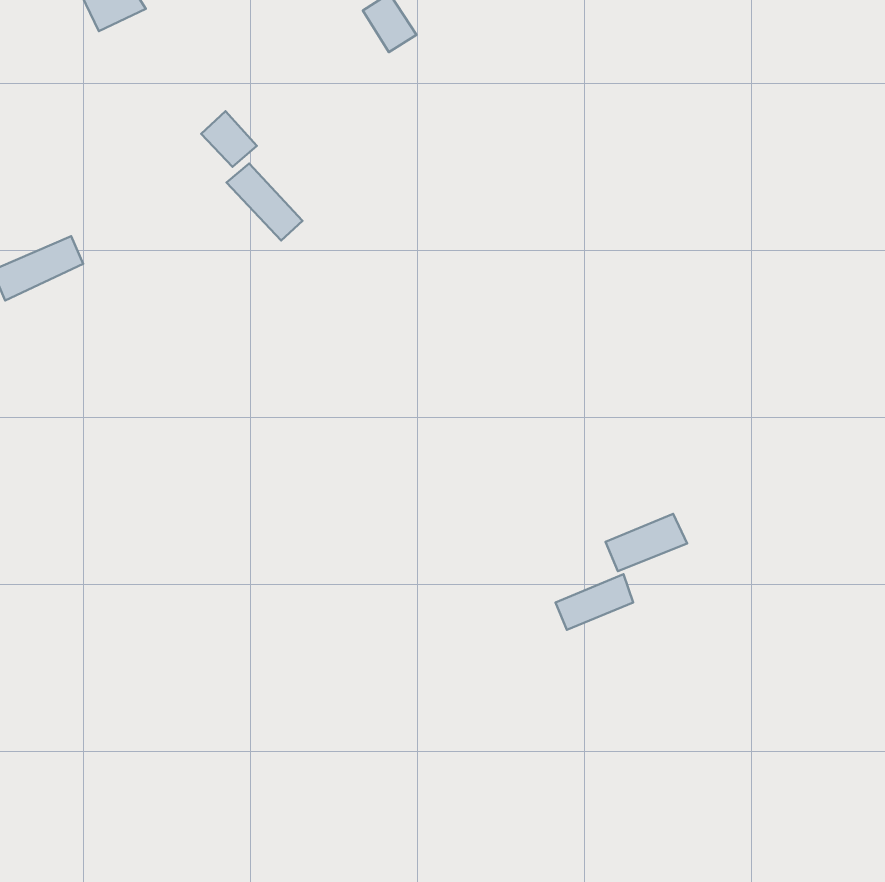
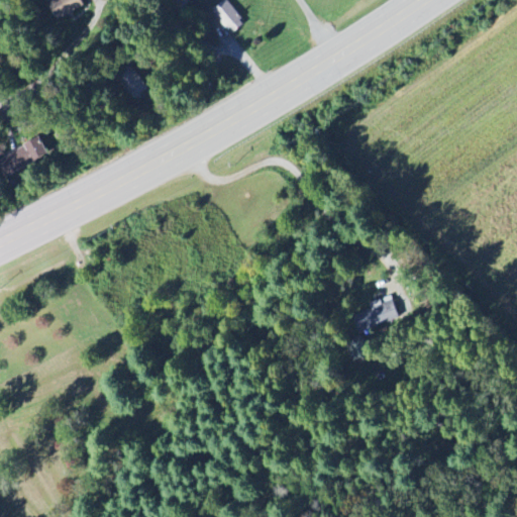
building: [226,164,303,241] -> none
building: [555,574,633,630] -> none

